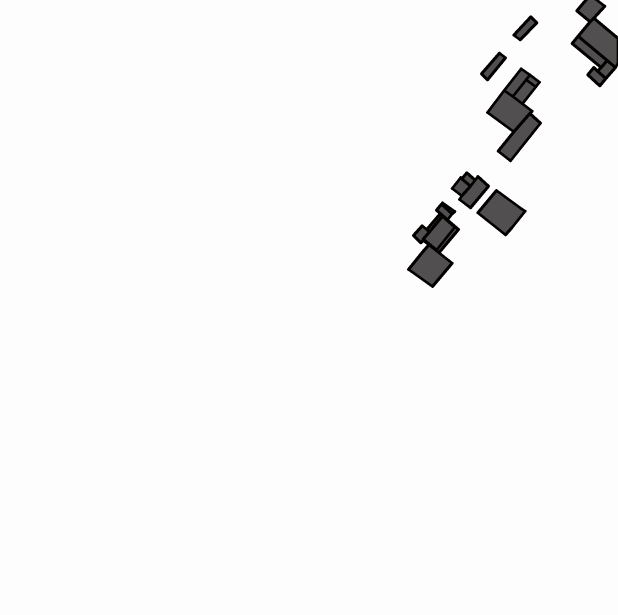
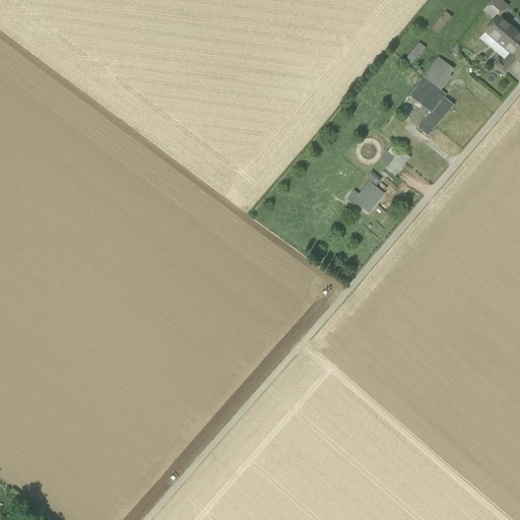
building: [478,191,525,235] -> none
building: [408,245,452,286] -> none

